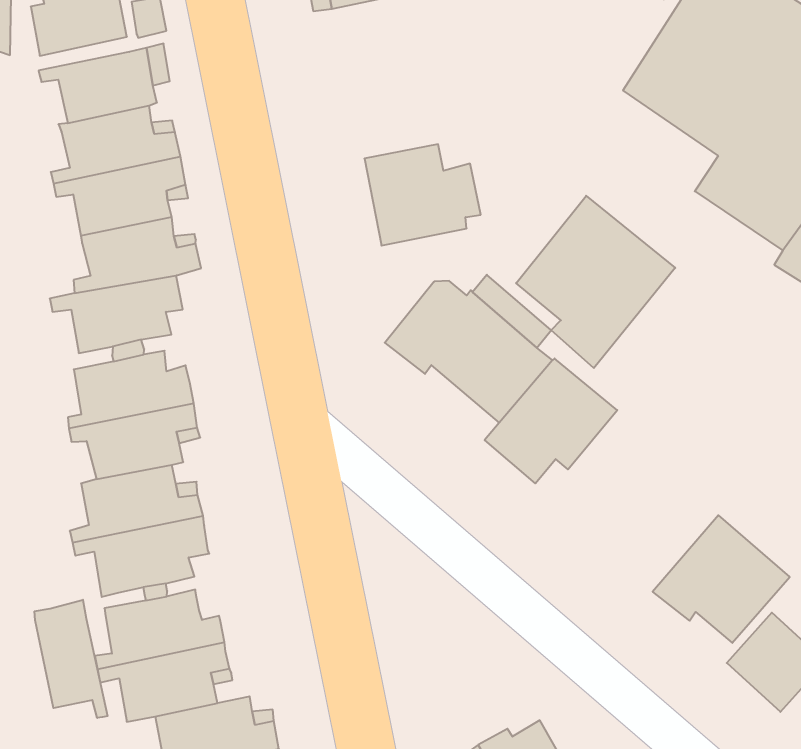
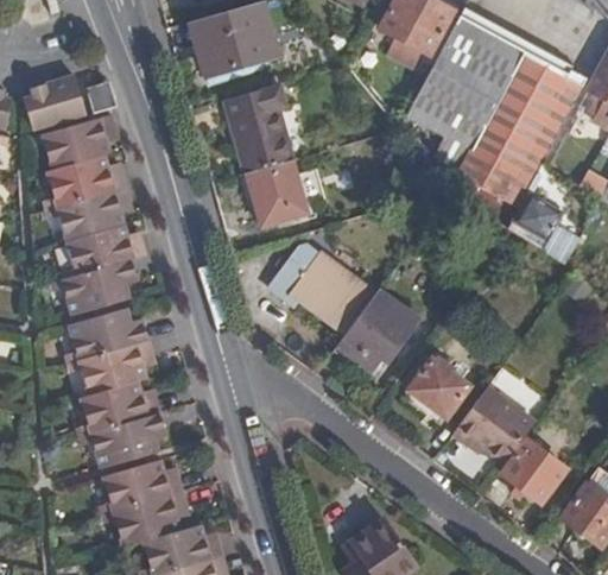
building: none -> [222,84,291,173]
building: [516,196,675,368] -> none
building: none -> [407,359,469,419]
building: [35,600,108,718] -> none

